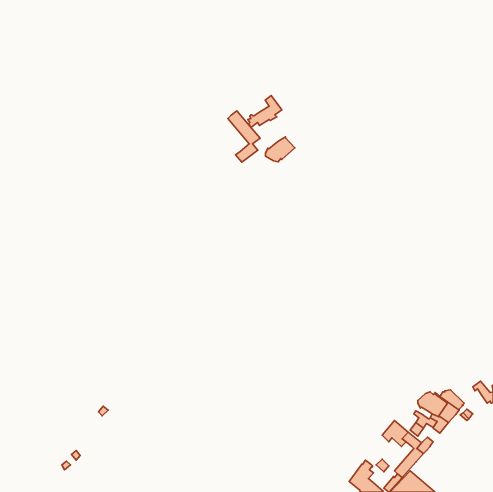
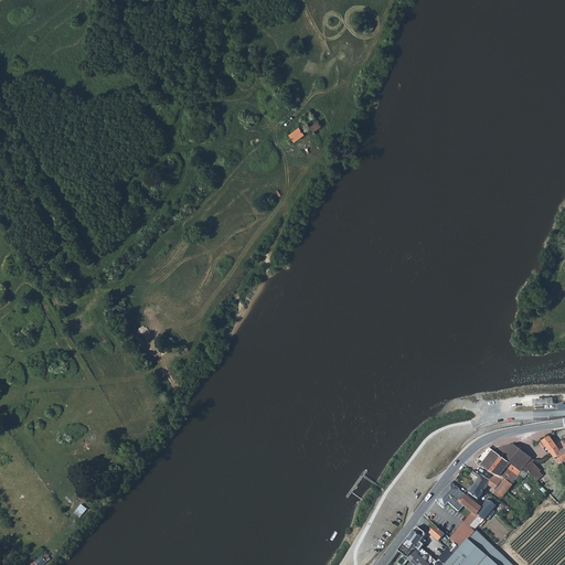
building: [228,111,260,162] -> none
building: [265,137,295,162] -> none

